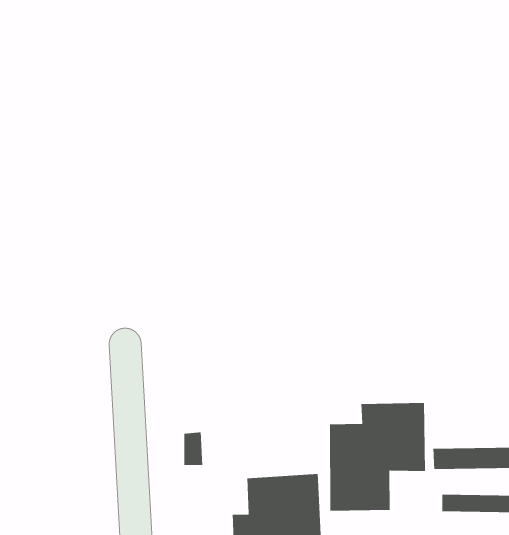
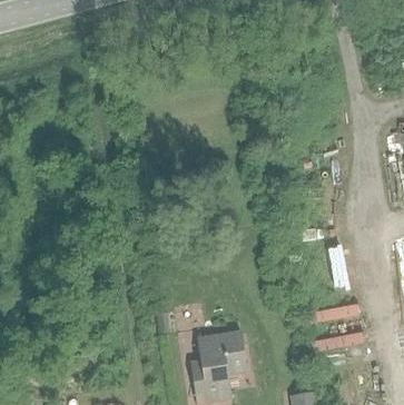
building: [329,402,426,511] -> none

